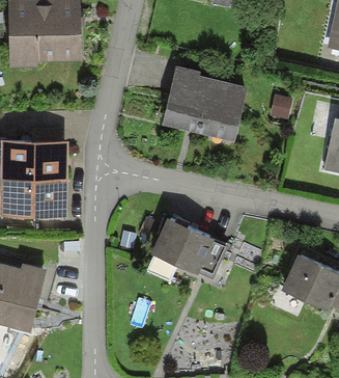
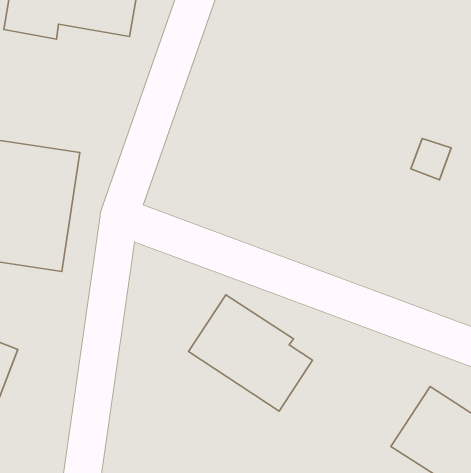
building: [160,64,247,143] -> none

